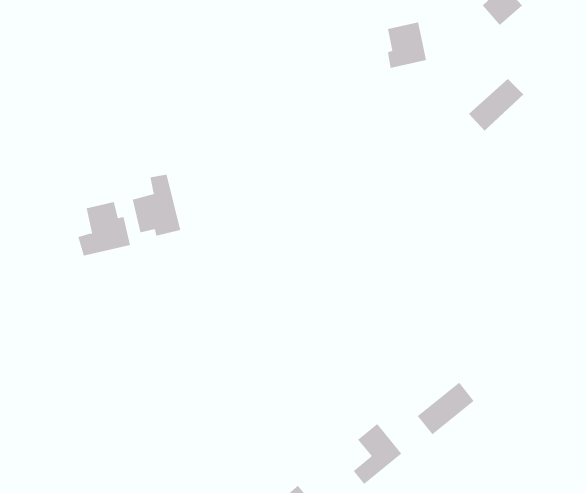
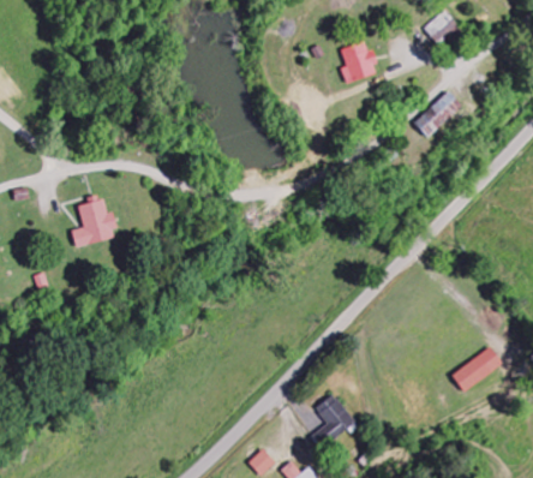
building: [132,174,181,237] -> none
building: [417,382,474,435] -> [453,346,503,393]

